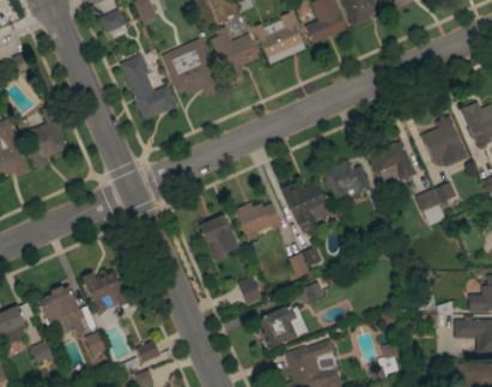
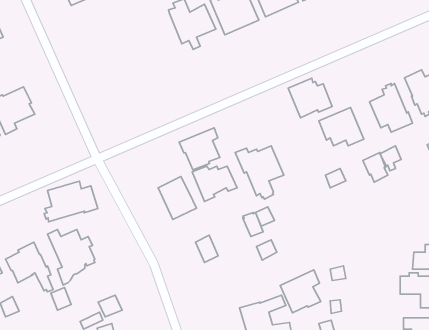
building: [160,38,219,99] -> none
building: [119,53,177,117] -> none
building: [323,159,370,201] -> [288,78,332,118]
building: none -> [179,128,220,170]
building: none -> [44,181,98,222]
building: [255,303,298,349] -> [280,270,321,313]

